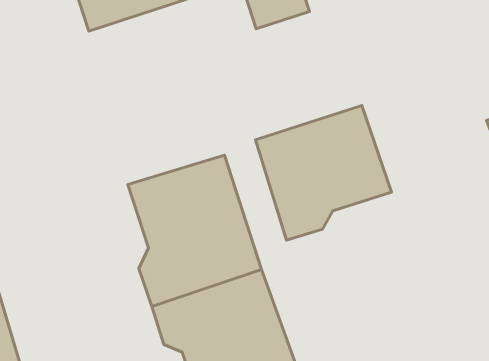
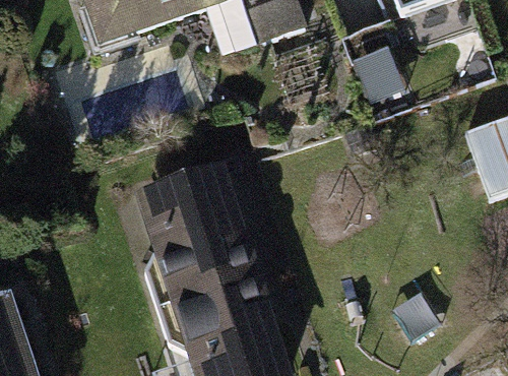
building: [256,105,392,240] -> none

